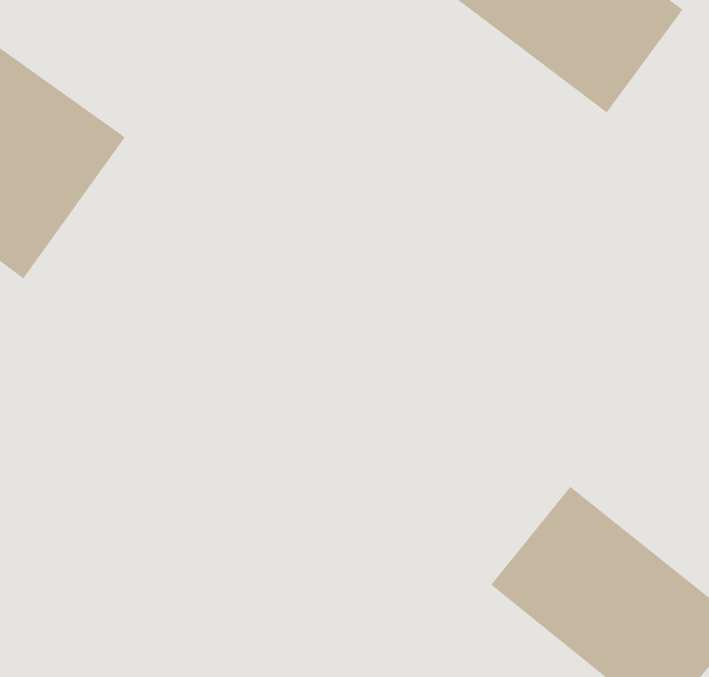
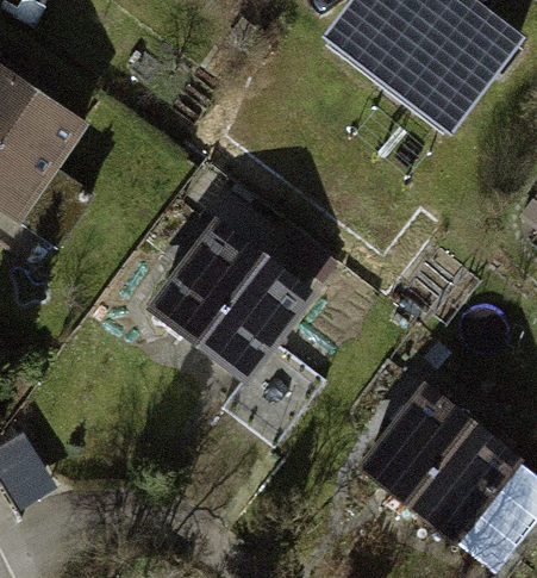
building: none -> [144,224,312,389]

